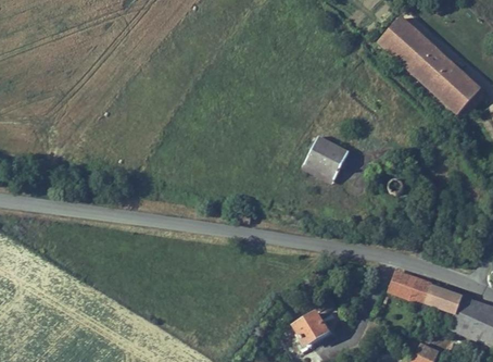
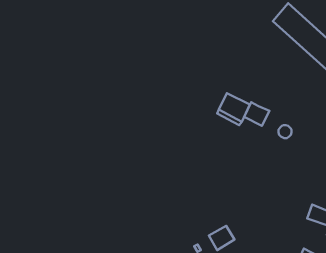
building: none -> [244,102,269,126]
building: [388,271,430,302] -> none

